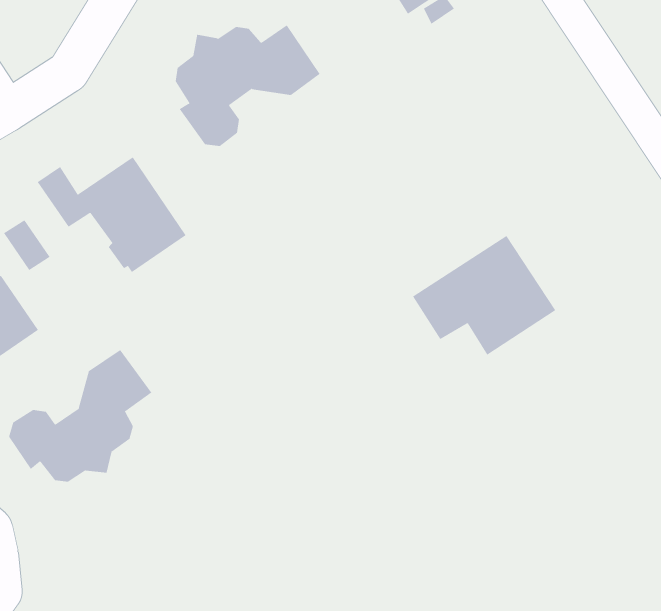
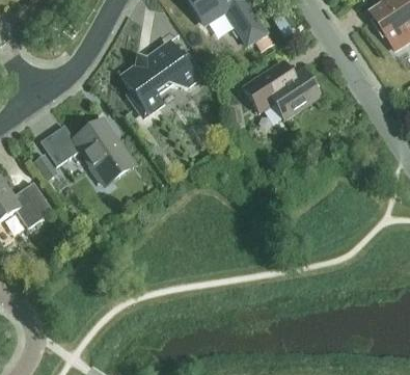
building: [412,235,556,355] -> [243,56,319,119]
building: [9,349,152,483] -> none

